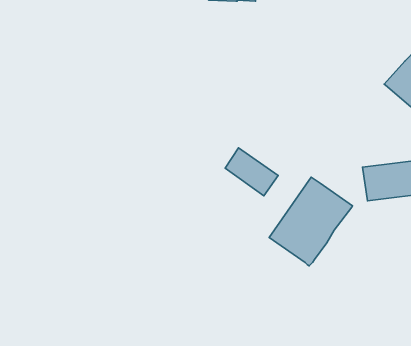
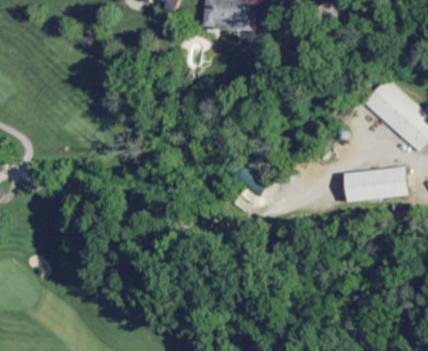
building: [269,177,353,266] -> none

